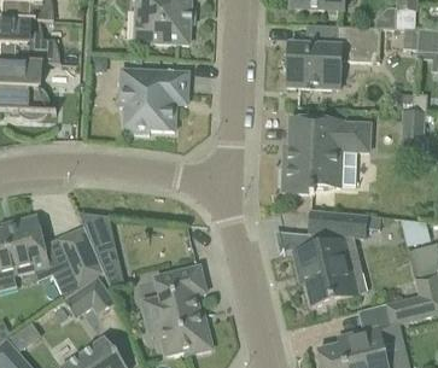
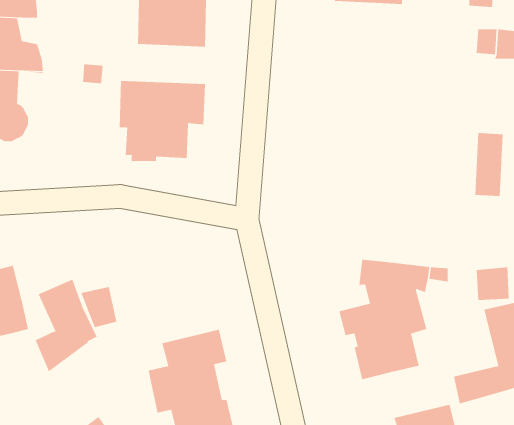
building: [284,24,380,87] -> none
building: [278,116,370,193] -> none
building: [63,274,115,316] -> none

